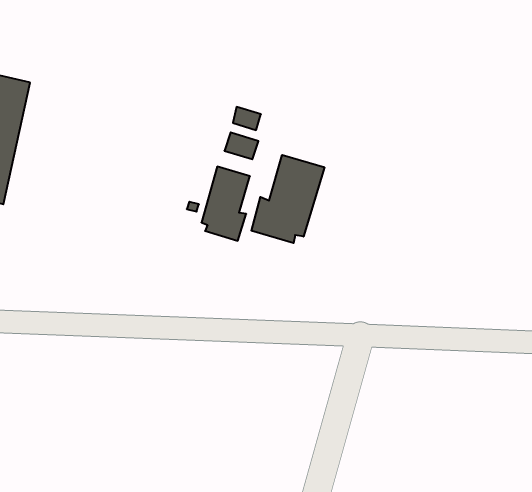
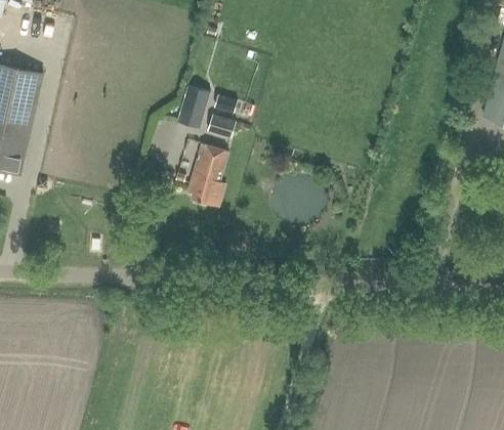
building: none -> [176,85,207,127]
building: [251,155,324,243] -> none

